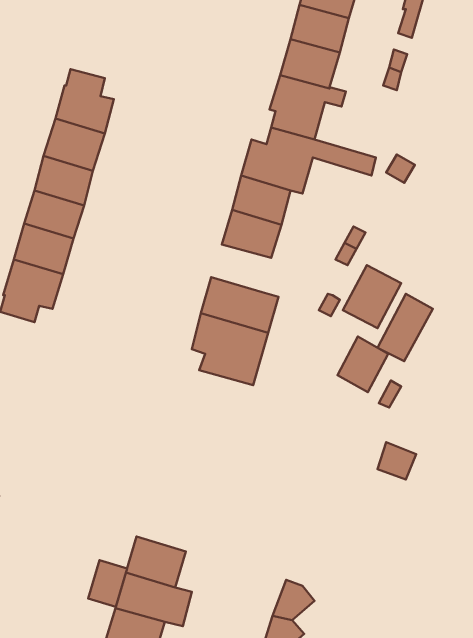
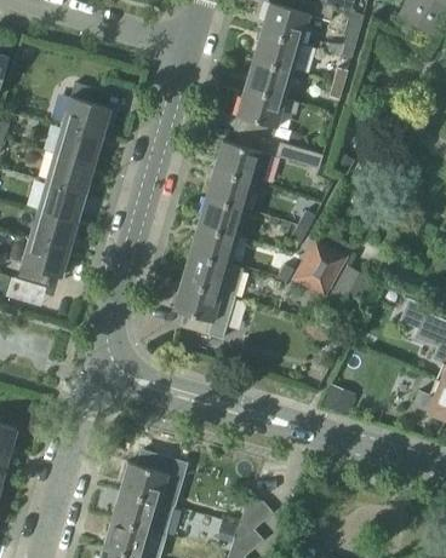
building: none -> [189,225,238,264]
building: [338,337,388,392] -> none
building: [88,560,127,607] -> none

